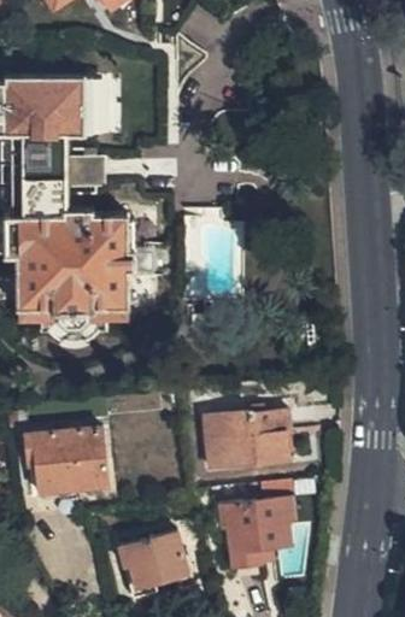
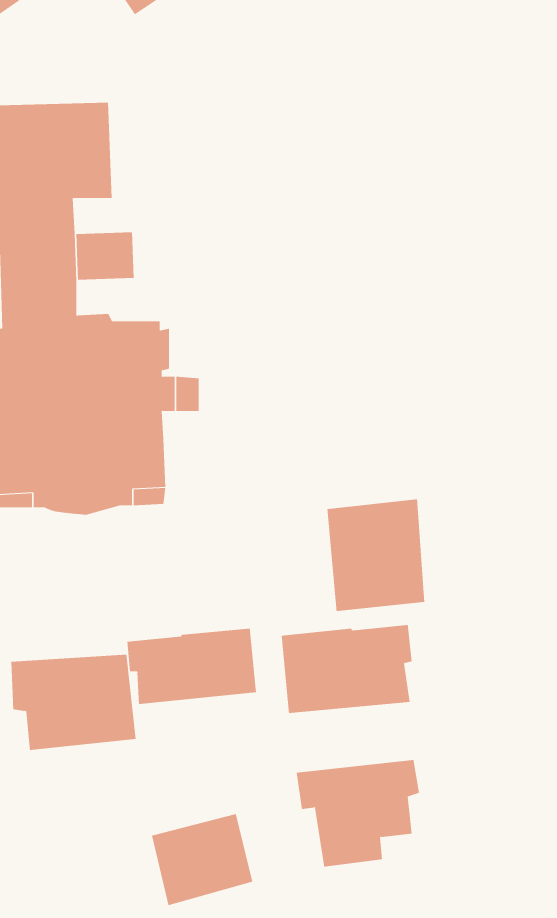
building: none -> [327,498,425,612]
building: none -> [127,628,257,705]

